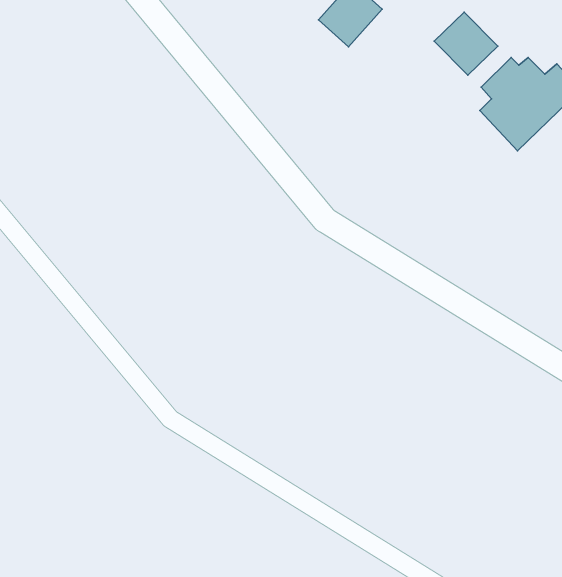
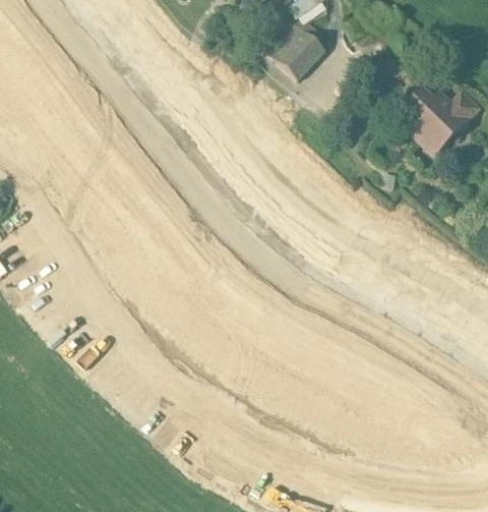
building: [434,12,498,75] -> none

